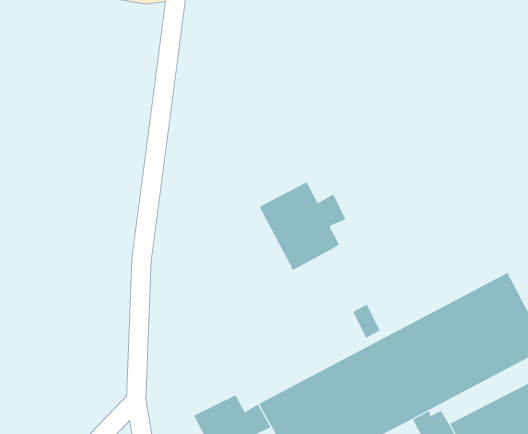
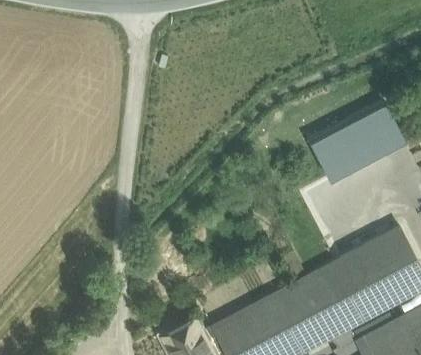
building: none -> [313,104,411,181]
building: [259,181,346,271] -> none

